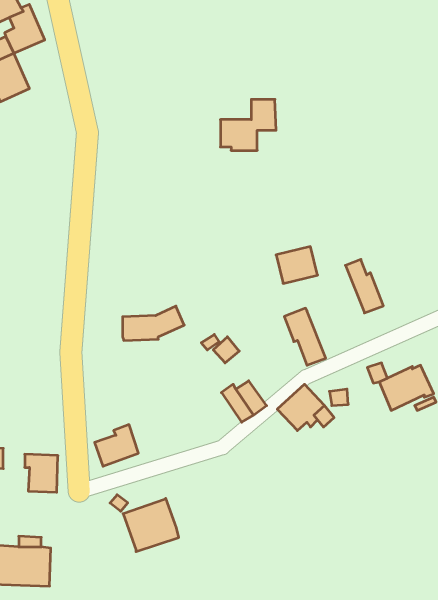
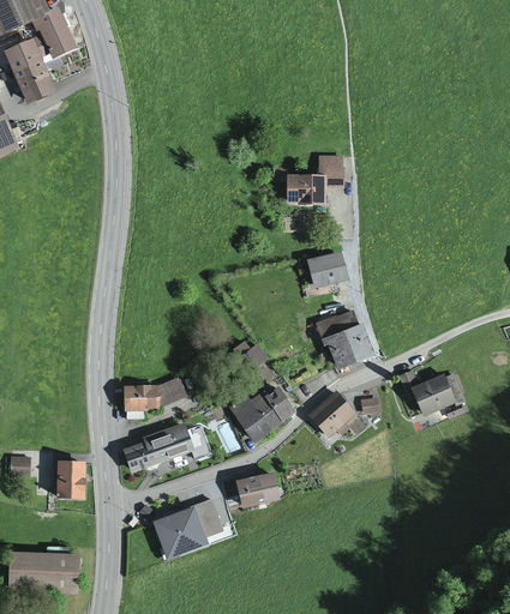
building: [220,99,276,150] -> [287,154,343,205]
building: [345,259,383,313] -> [337,309,376,363]
building: [123,306,184,340] -> [124,375,186,410]
building: none -> [227,389,271,441]
building: none -> [157,422,211,459]
building: none -> [235,471,280,508]
building: none -> [192,496,223,535]

